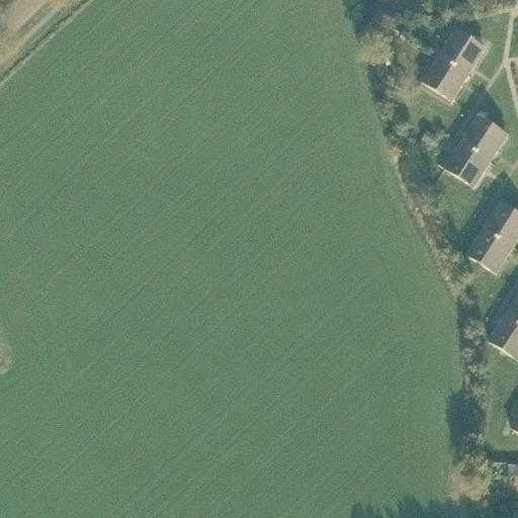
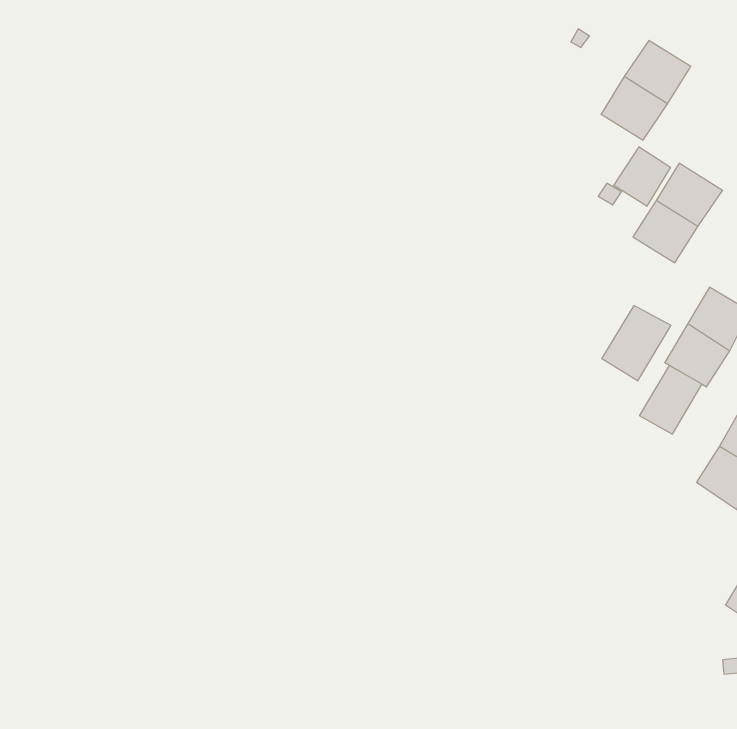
building: none -> [614,147,670,206]
building: none -> [602,306,671,381]
building: none -> [640,366,702,434]

